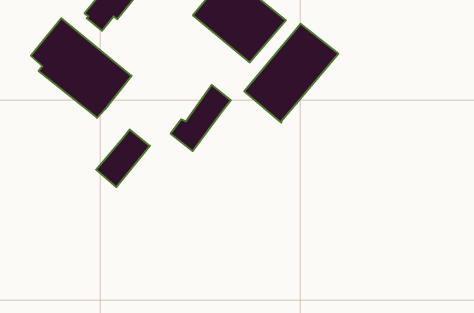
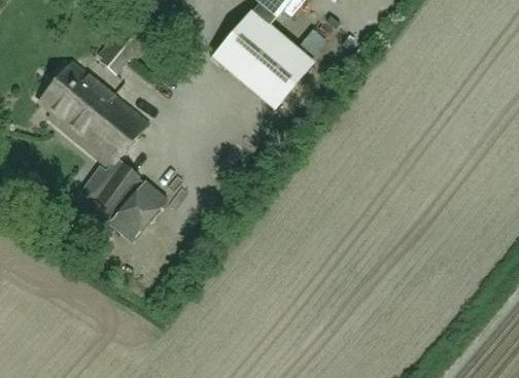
building: [244,24,338,123] -> none
building: [171,85,231,151] -> [75,159,140,230]

